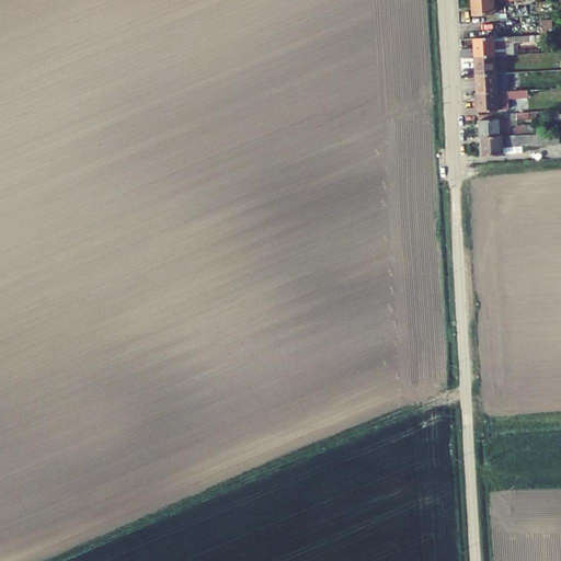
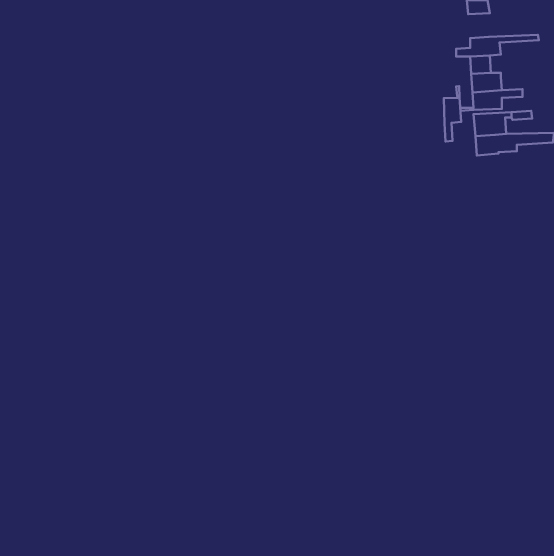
building: none -> [444,86,461,141]

